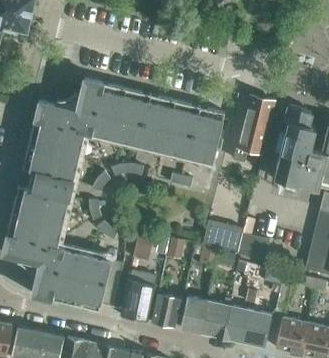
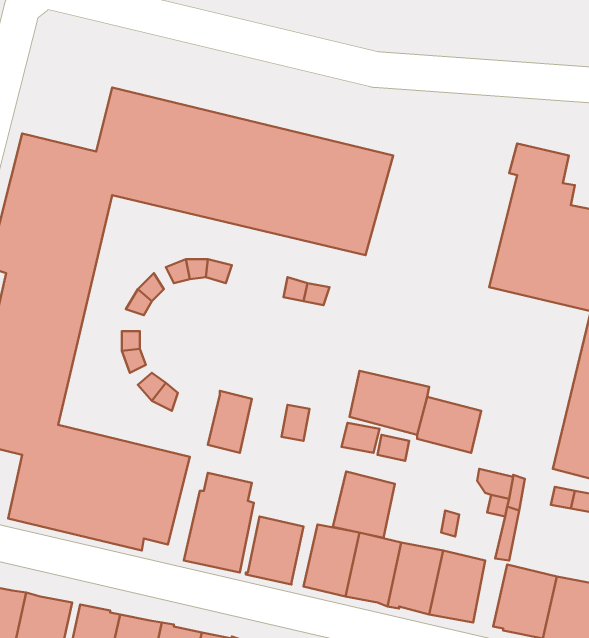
building: [233,95,275,162] -> none
building: none -> [333,471,395,538]

